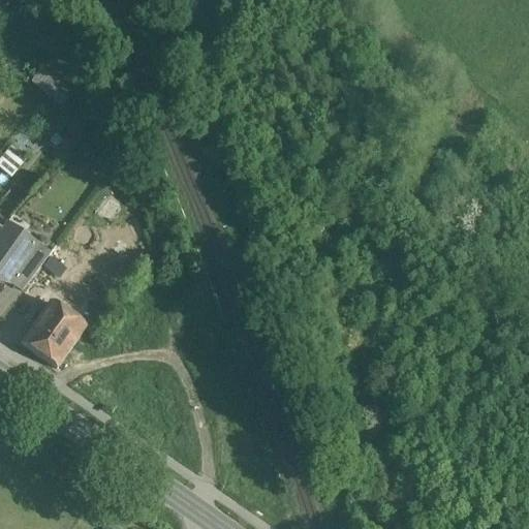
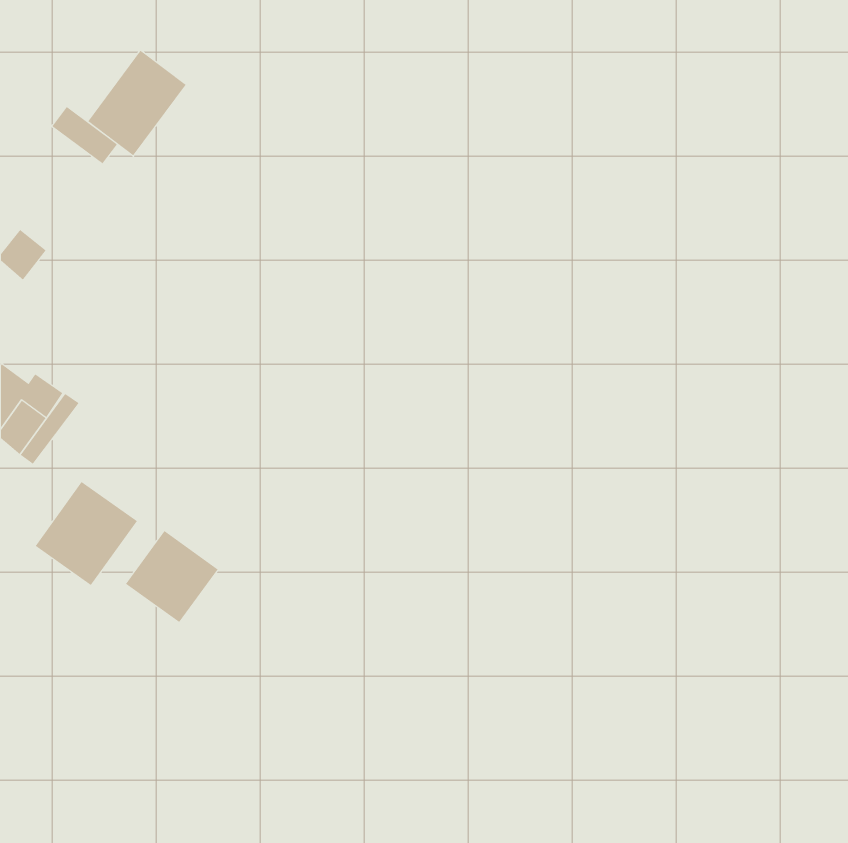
building: none -> [87,50,186,156]
building: none -> [125,530,219,623]

